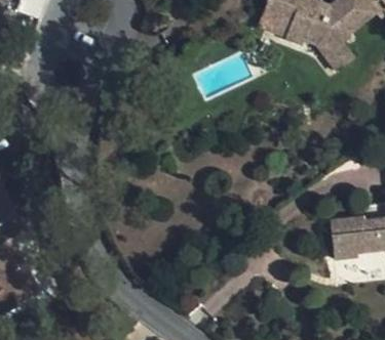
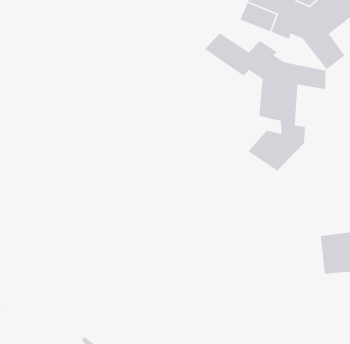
building: none -> [204,32,326,171]

